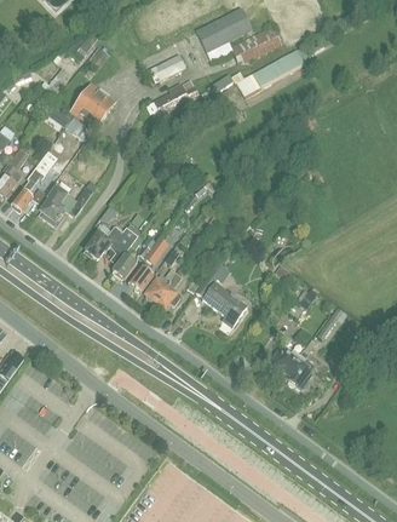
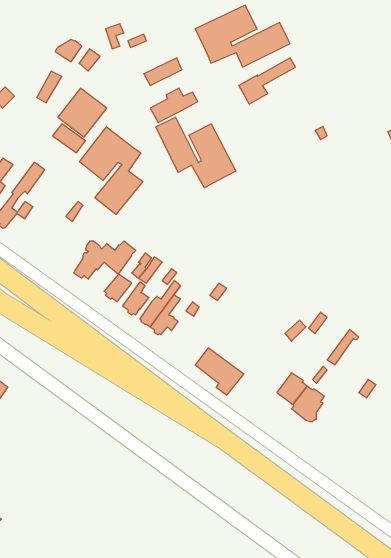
building: none -> [156,117,236,188]
building: none -> [79,127,143,214]
building: [41,187,68,226] -> none
building: [203,283,248,327] -> [195,348,244,395]

